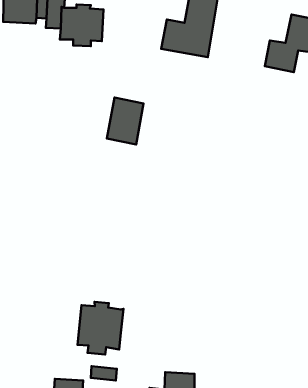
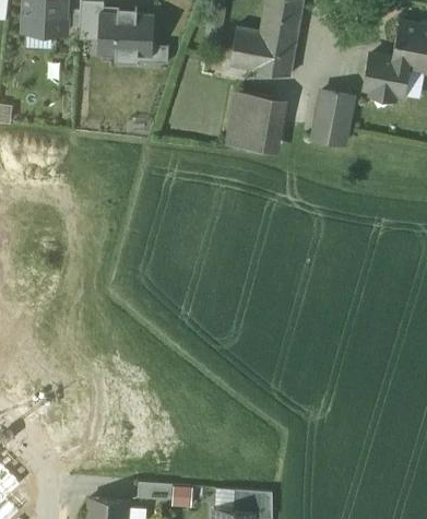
building: none -> [312,92,353,145]
building: [107,98,144,144] -> [225,92,273,153]
building: [77,302,123,355] -> none

